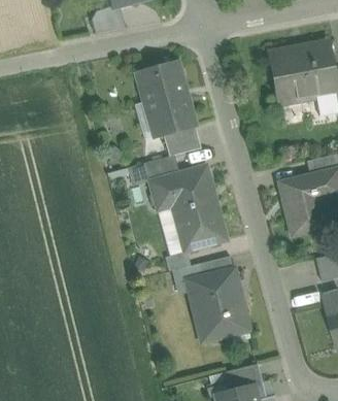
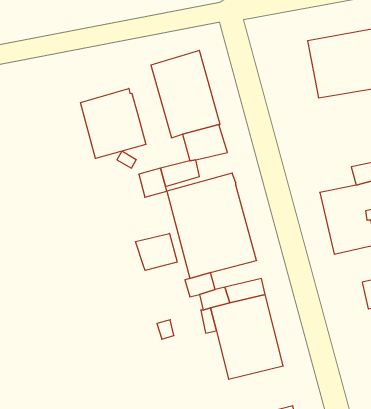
building: none -> [80,88,146,158]
building: none -> [136,233,177,270]

